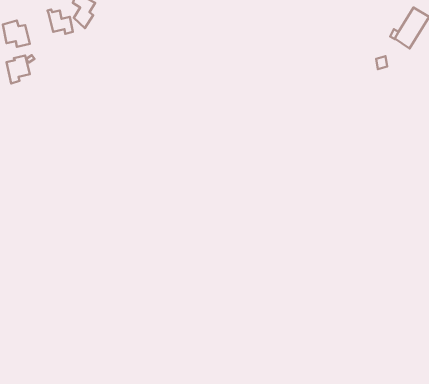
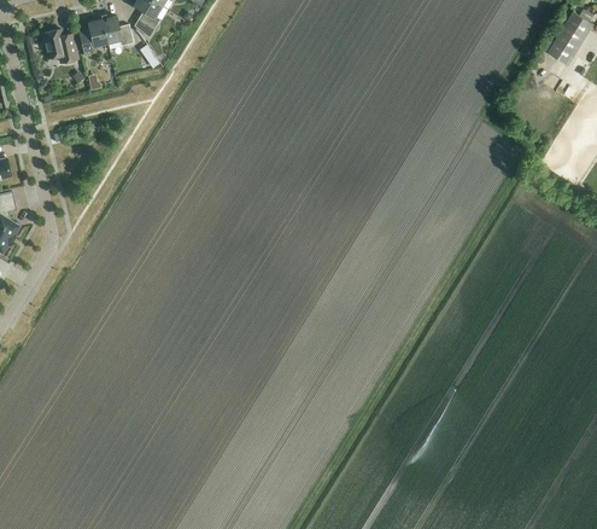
building: [6,55,30,84] -> [77,19,107,56]

